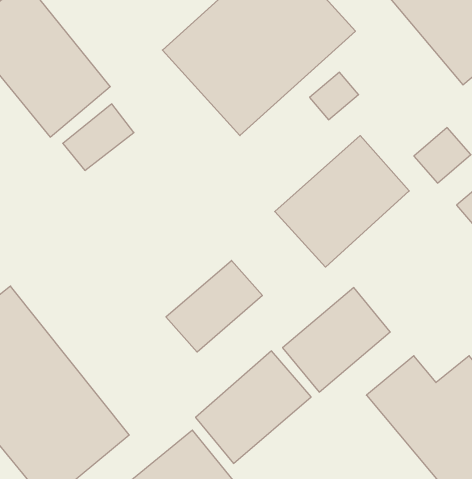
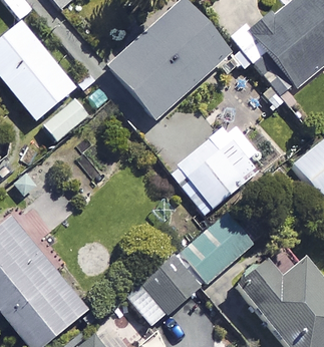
building: [166,260,262,352] -> none

